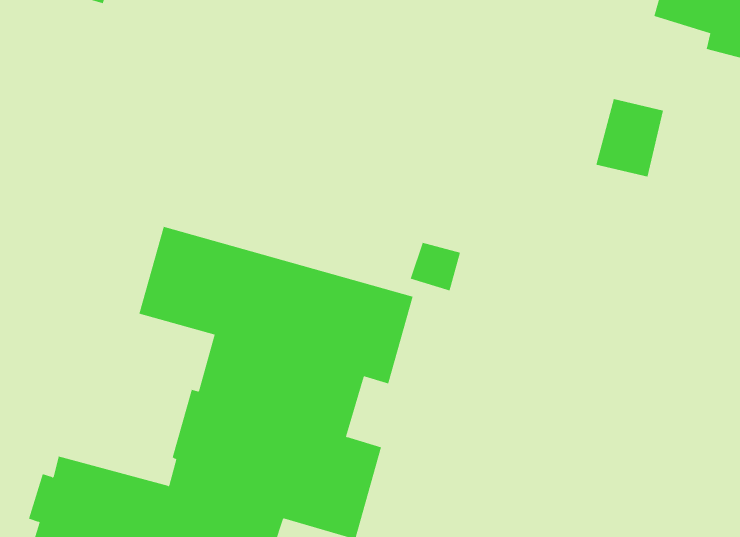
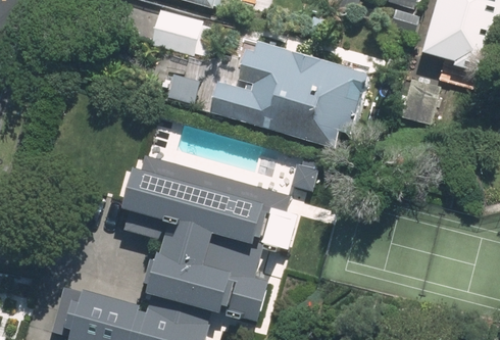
building: none -> [205,39,372,147]

